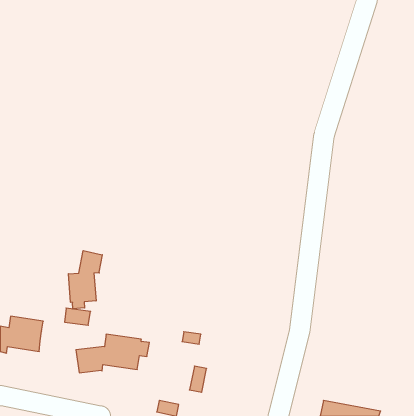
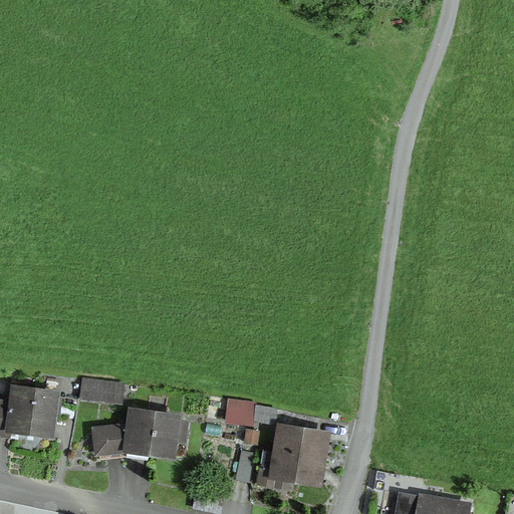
building: [68,251,102,309] -> none
building: none -> [261,431,324,488]

